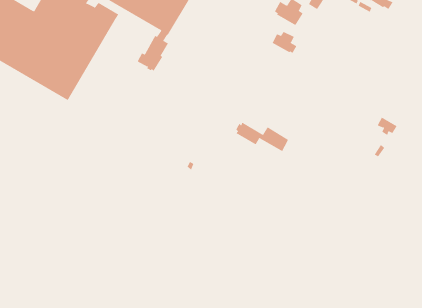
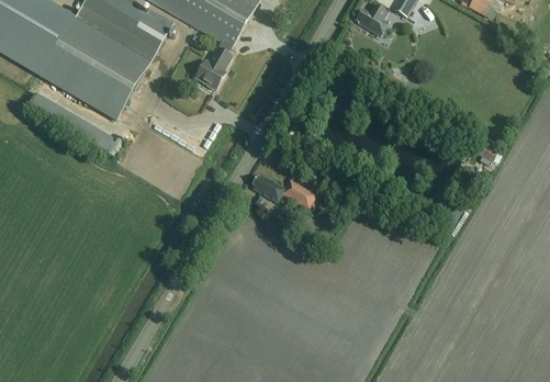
building: [272,31,297,54] -> none
building: [235,122,289,152] -> [252,173,315,209]

